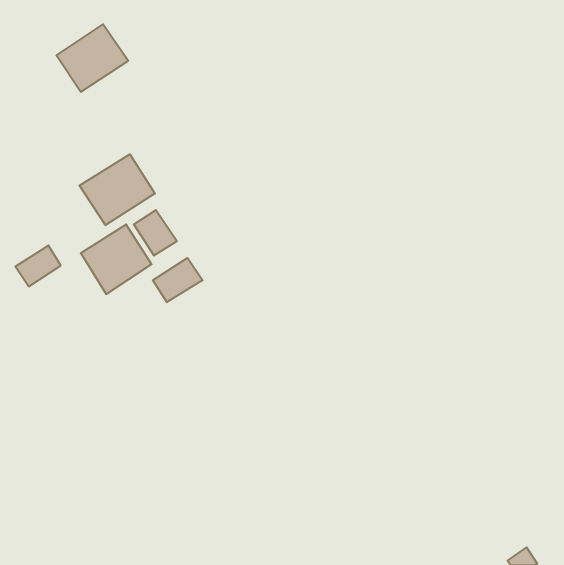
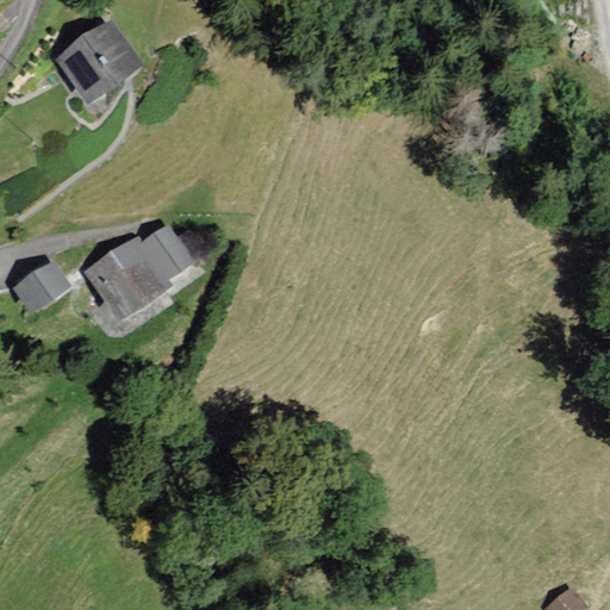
building: [79,154,155,225] -> none
building: [153,258,203,302] -> none

